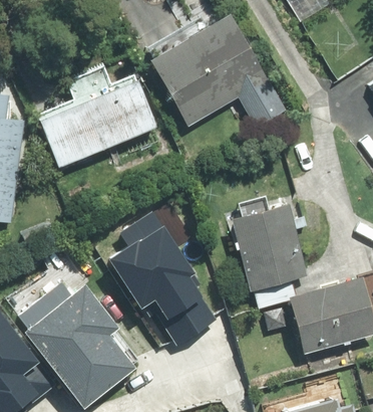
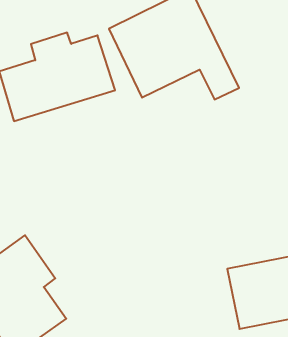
building: [229,200,311,292] -> none
building: [104,210,223,344] -> none

